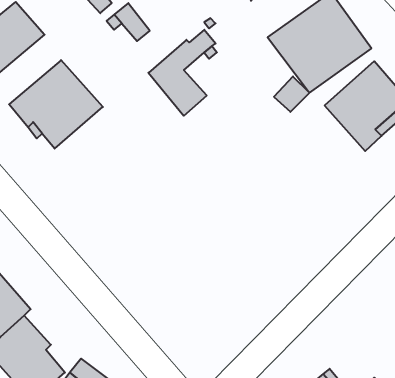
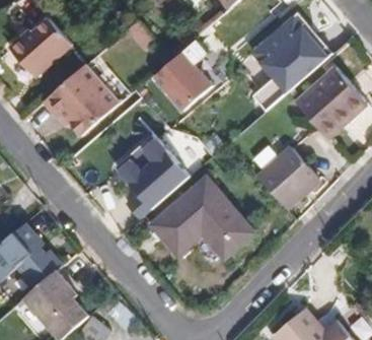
building: none -> [119,137,190,218]
building: none -> [257,146,319,208]
building: none -> [152,178,253,257]

